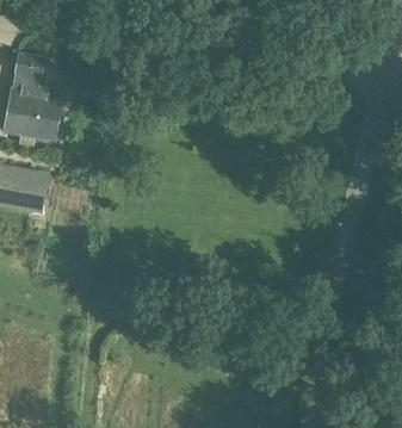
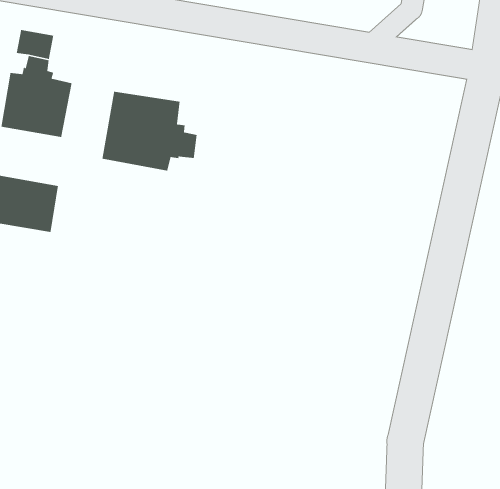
building: none -> [102,91,198,171]

